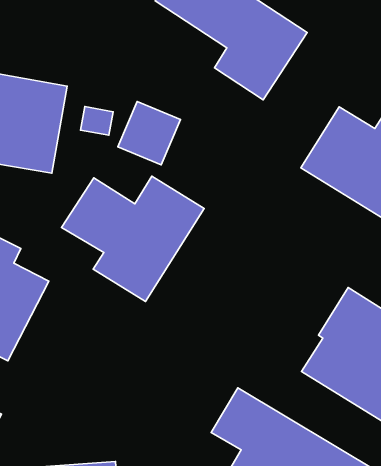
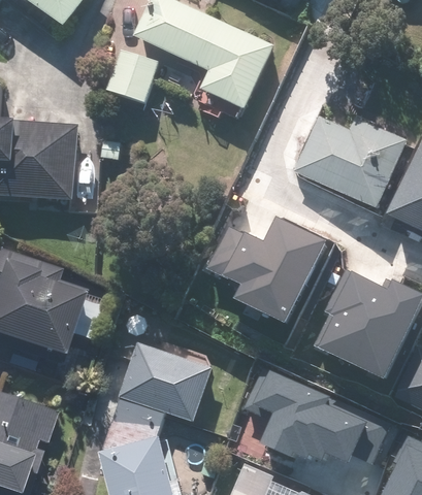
building: [118,101,181,165] -> [107,53,158,104]
building: [62,176,204,302] -> [206,214,326,323]
building: none -> [122,337,216,424]

